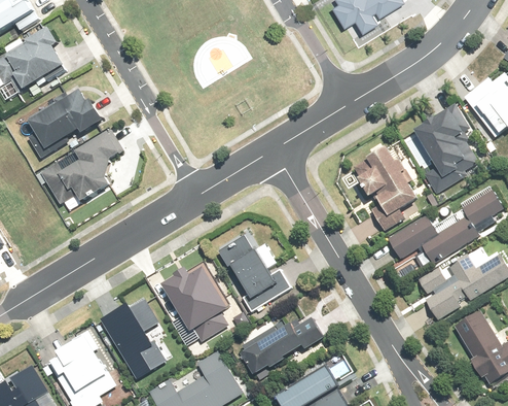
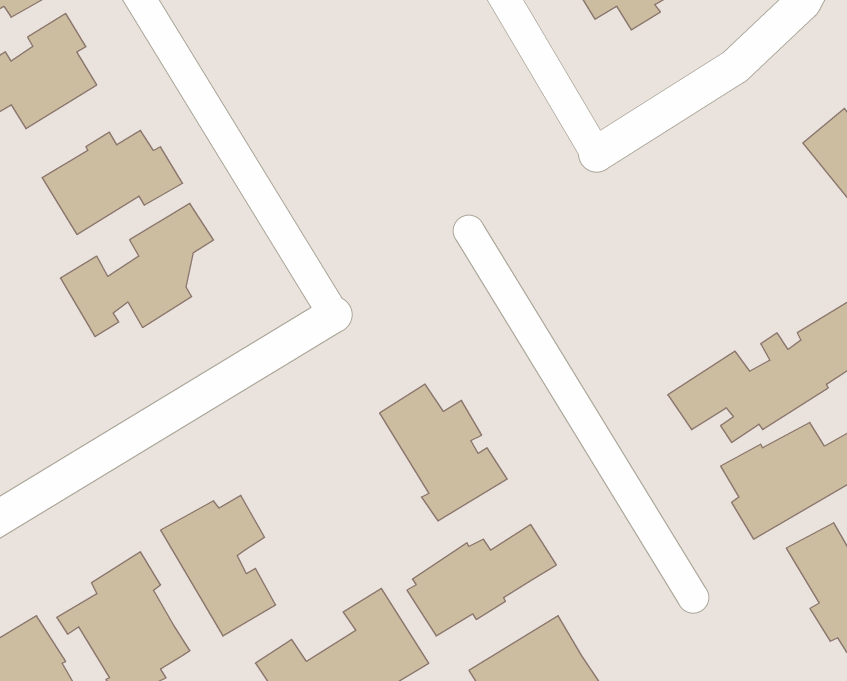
building: [411,104,476,195] -> none
building: [352,147,414,233] -> none
building: [159,263,230,340] -> none

